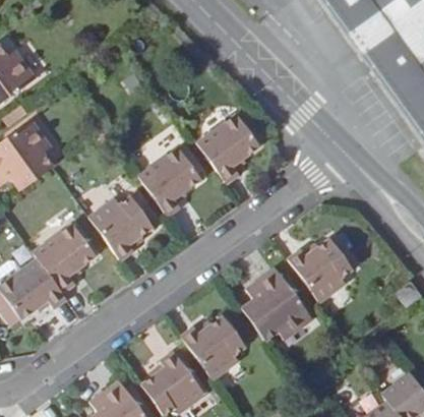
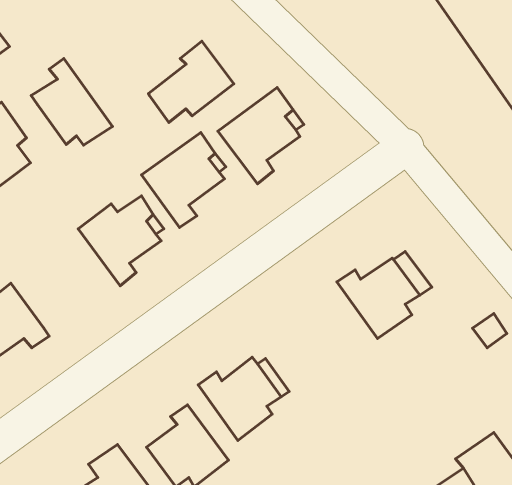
building: none -> [149,41,234,123]
building: none -> [31,58,113,145]
building: [33,225,95,294] -> none
building: [242,269,312,341] -> none

